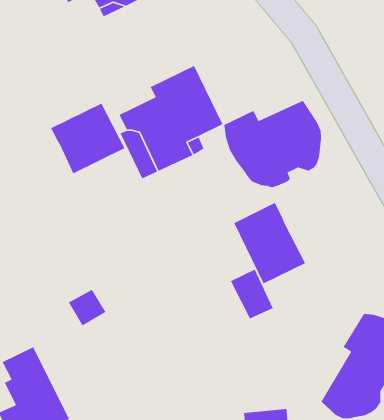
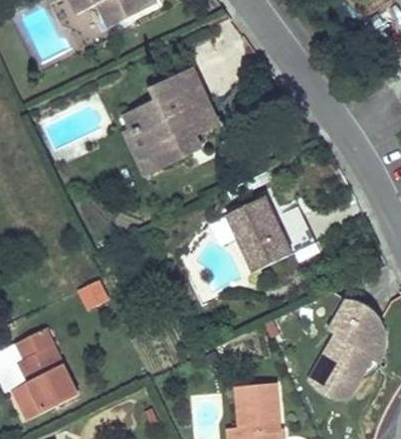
building: [223,100,322,188] -> none
building: [50,103,125,175] -> none
building: [230,269,274,319] -> [274,205,315,252]

